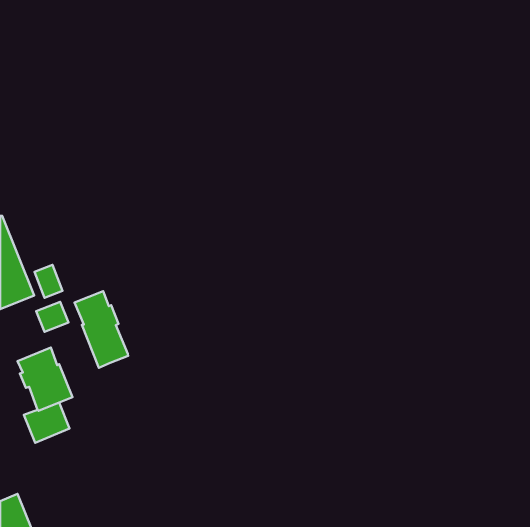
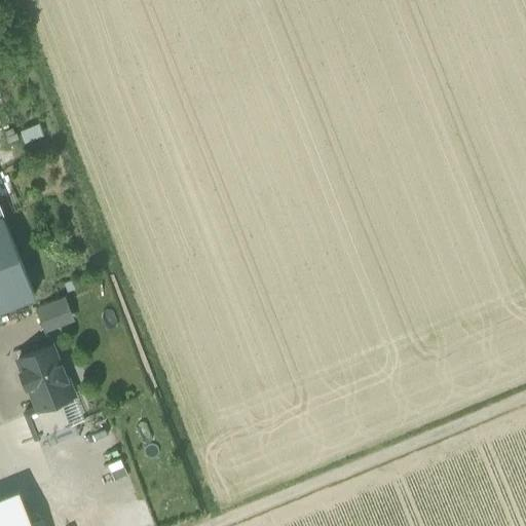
building: [34,265,63,298] -> none
building: [74,291,128,368] -> none

